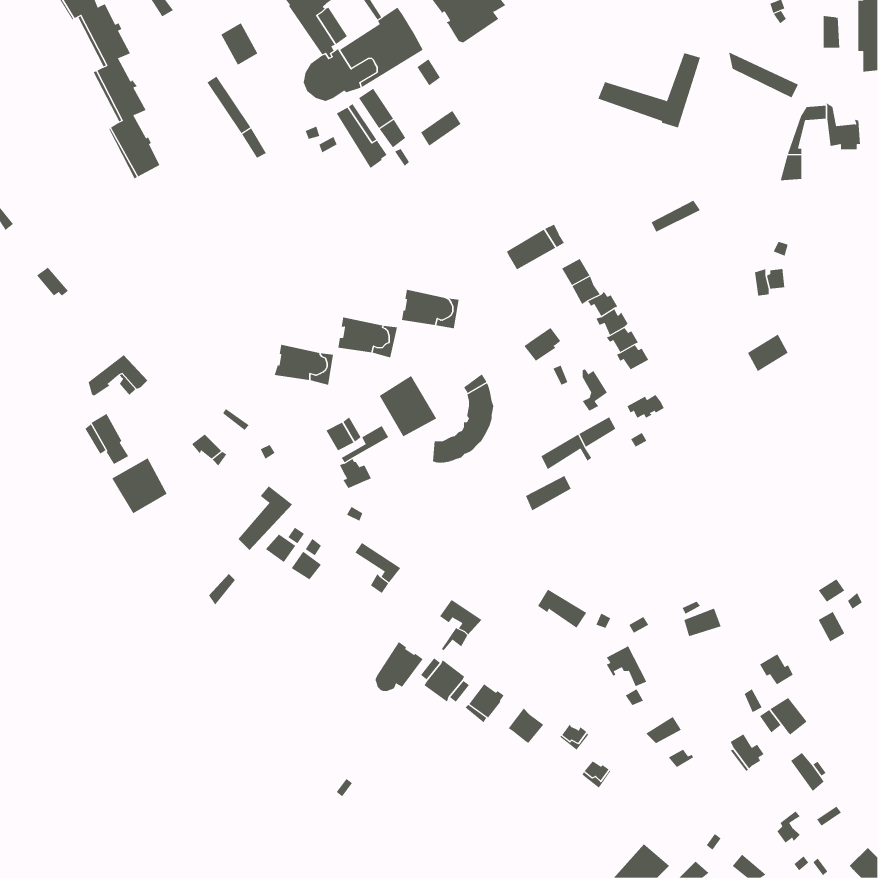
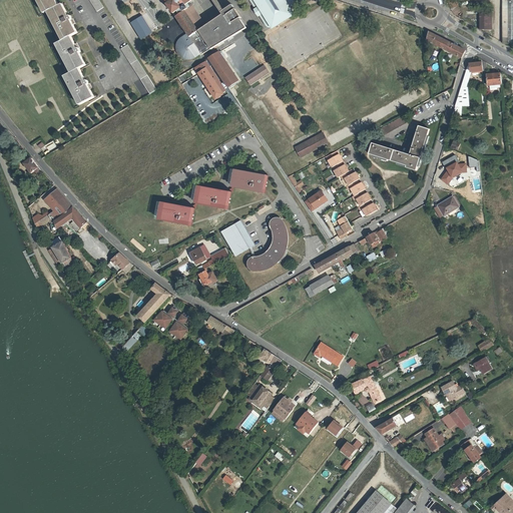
building: [598,52,701,128] -> [369,125,429,169]
building: none -> [33,188,72,226]
building: [111,458,168,514] -> none
building: [375,641,423,692] -> none

